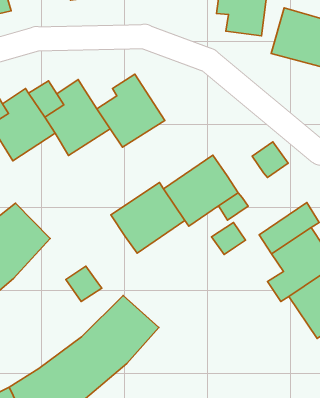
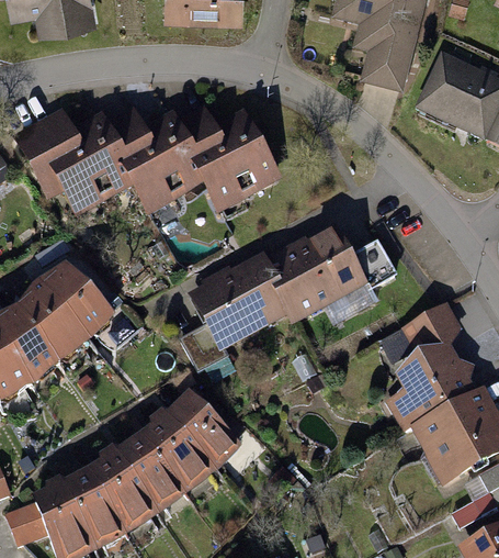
building: none -> [174,109,217,154]
building: [252,142,288,177] -> [348,243,393,288]
building: [211,223,245,255] -> none
building: [66,266,102,302] -> [181,322,226,367]

